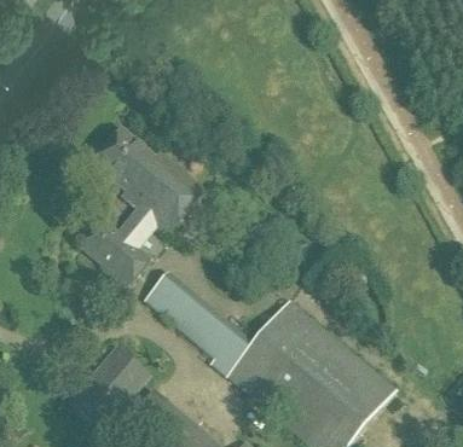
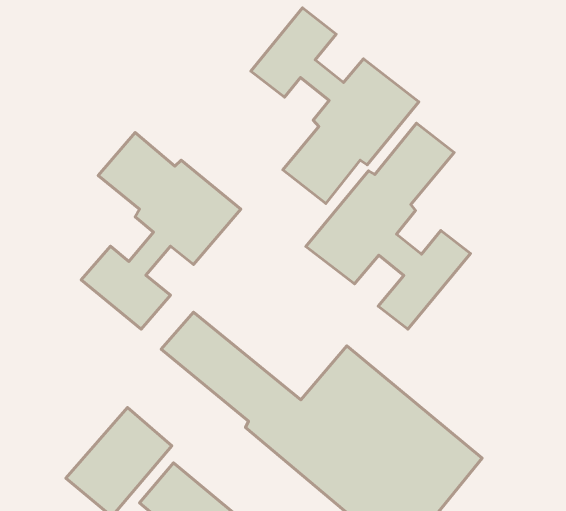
building: none -> [251,8,419,203]
building: none -> [306,123,471,329]

